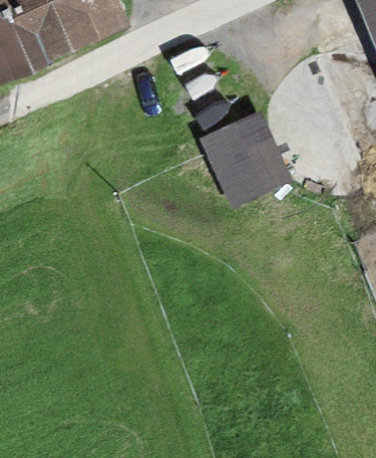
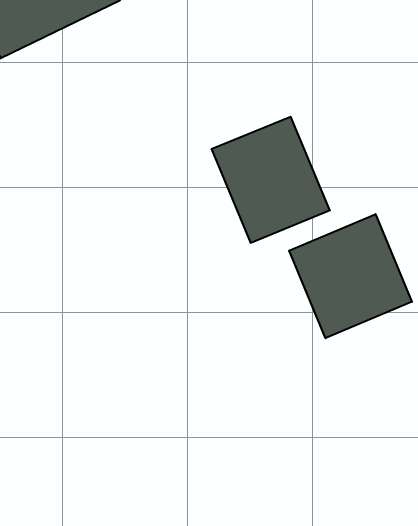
building: none -> [289,214,412,338]

